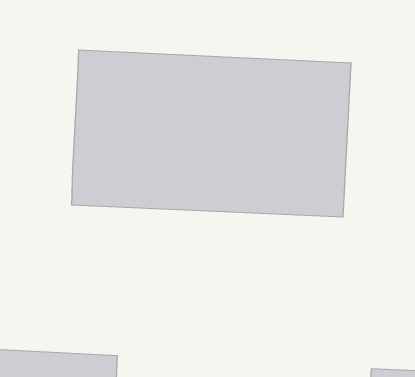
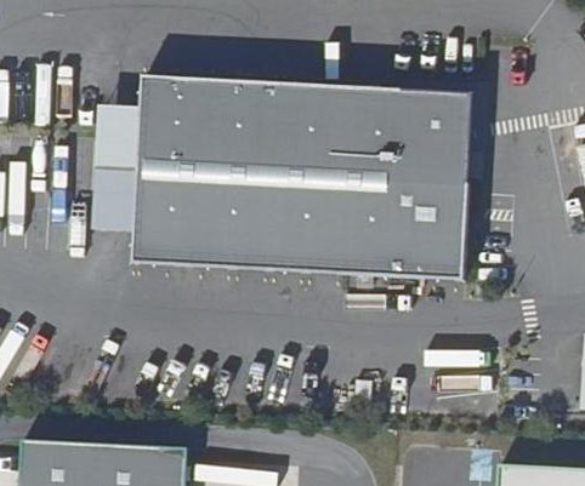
building: none -> [92,105,140,219]

